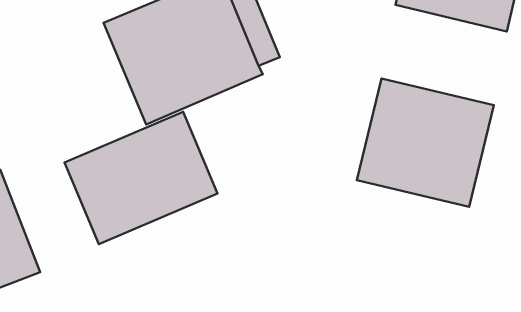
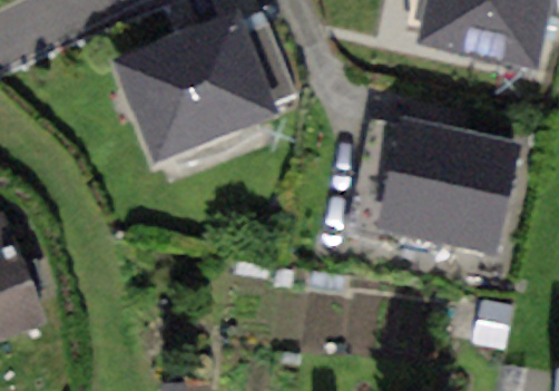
building: [64,112,218,244] -> none

